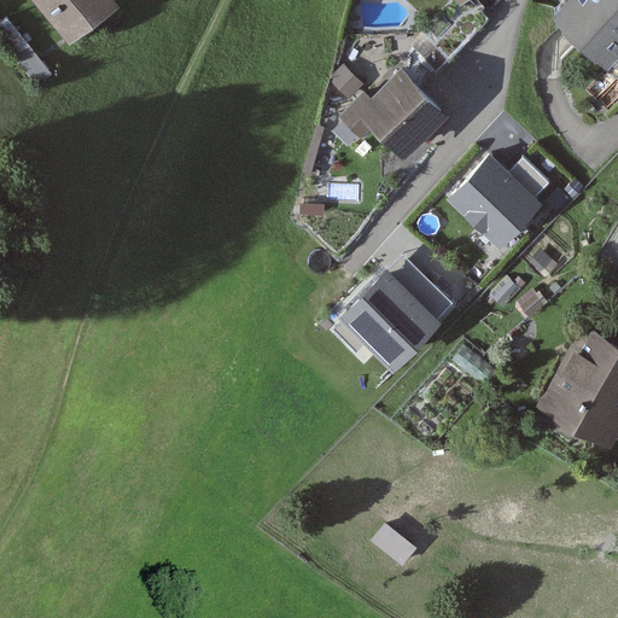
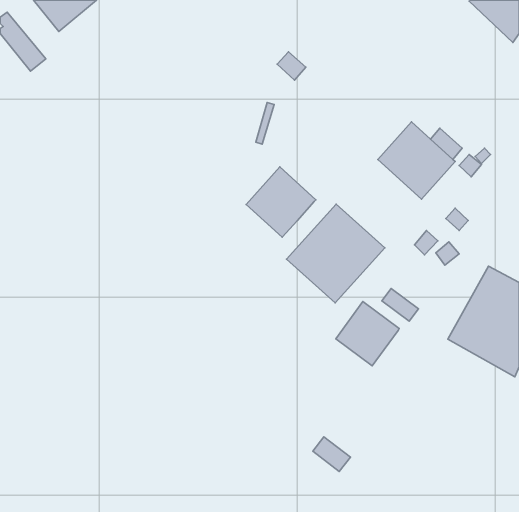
building: [340,68,449,157] -> none
building: none -> [246,167,316,237]
building: none -> [336,302,399,366]

